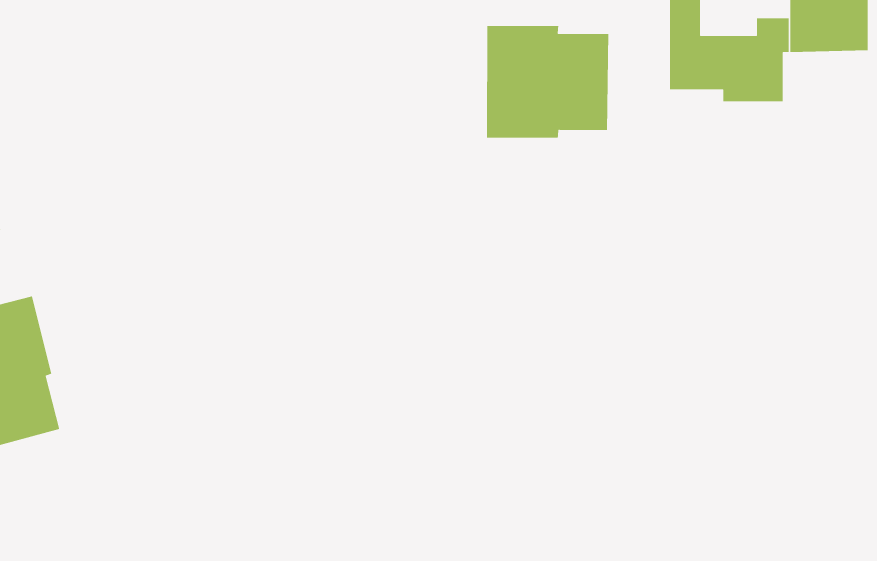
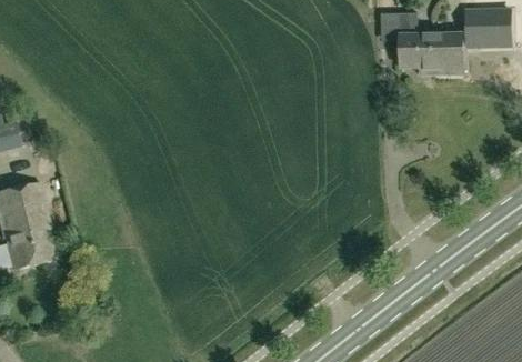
building: [486,25,609,138] -> none

